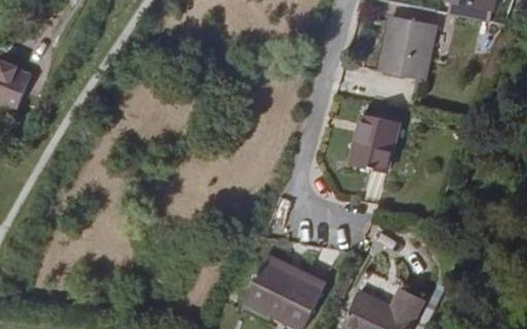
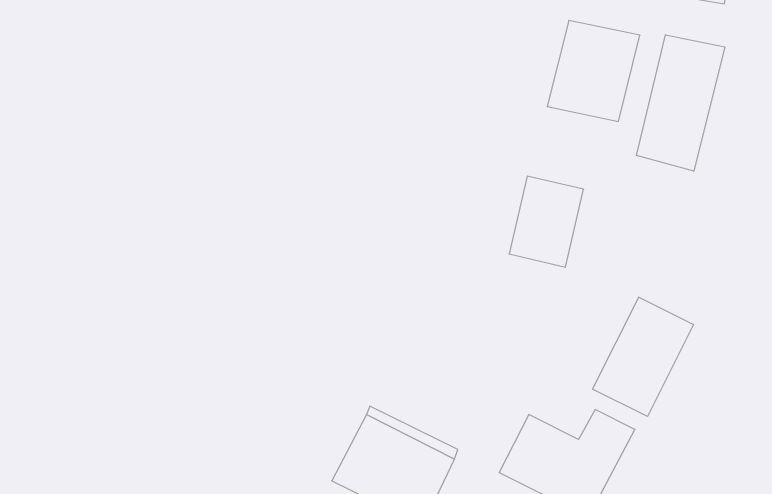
building: none -> [637,35,725,171]
building: none -> [593,297,693,416]

